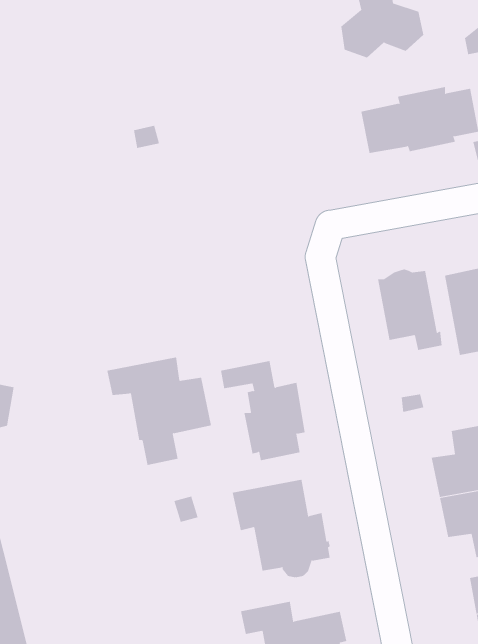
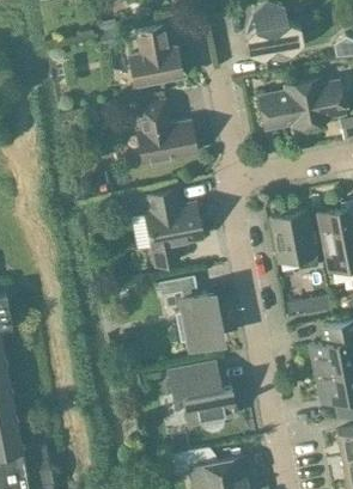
building: none -> [128,26,183,86]
building: none -> [135,99,197,166]
building: [107,357,212,466] -> [128,189,203,267]

